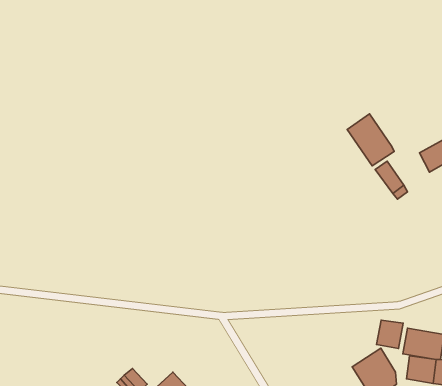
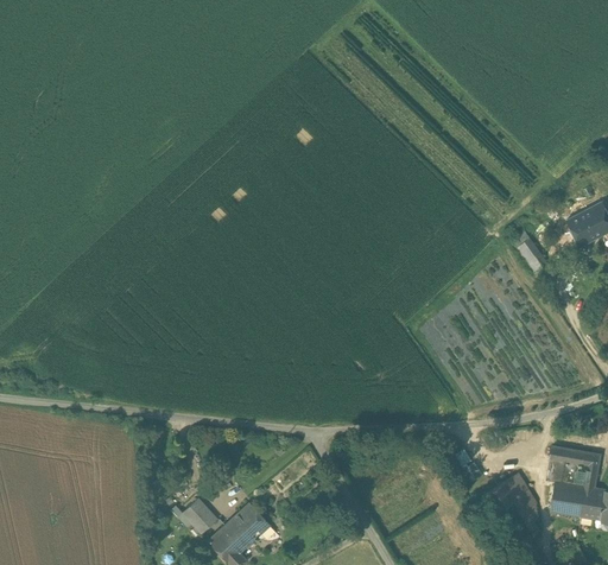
building: [347,114,394,166] -> none
building: [377,320,403,348] -> none

